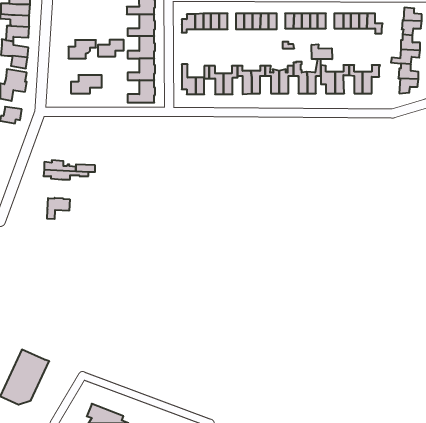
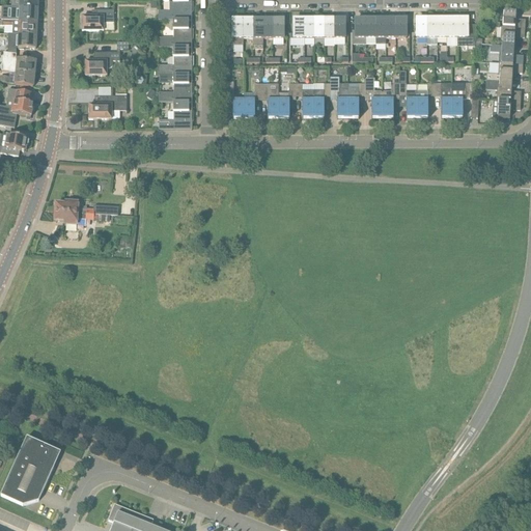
building: [98,40,124,56] -> [82,7,114,28]
building: [312,44,332,59] -> none
building: [47,198,70,219] -> none

